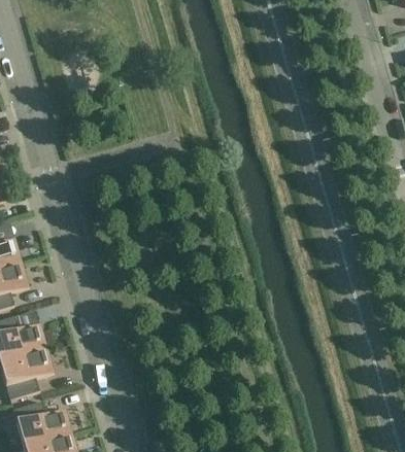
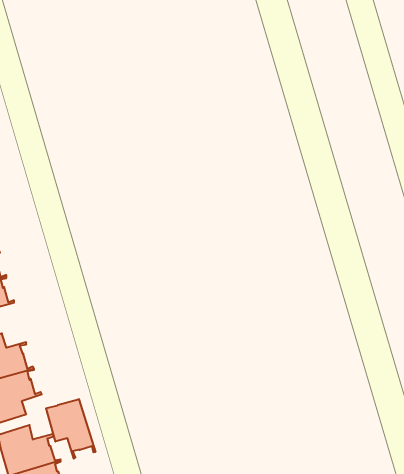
building: none -> [46,399,95,459]

